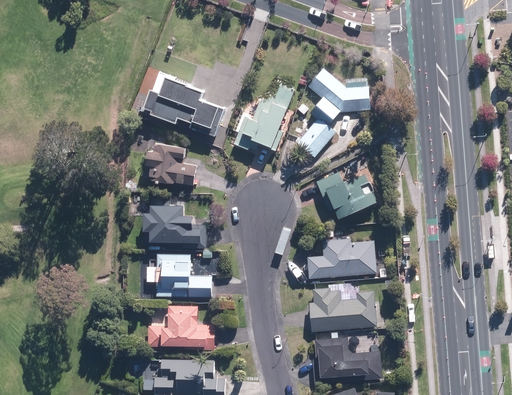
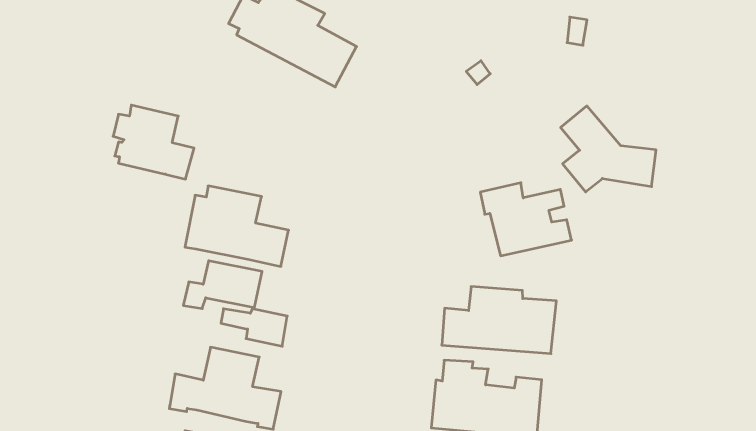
building: [309,68,371,121] -> [561,106,656,192]
building: [233,84,294,151] -> none
building: [297,117,336,158] -> none
building: [145,145,196,185] -> [113,105,194,179]

